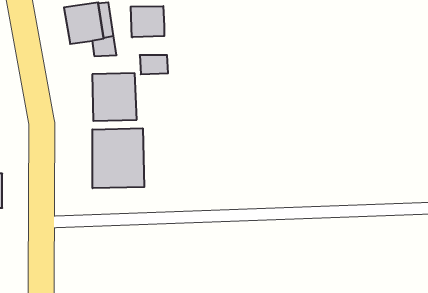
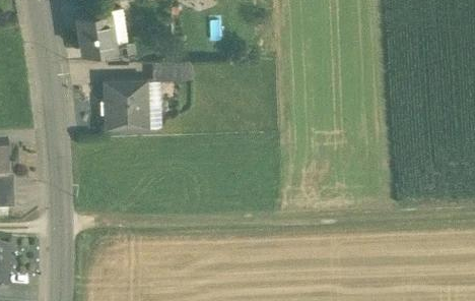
building: [131,6,164,37] -> none
building: [92,128,144,188] -> none

